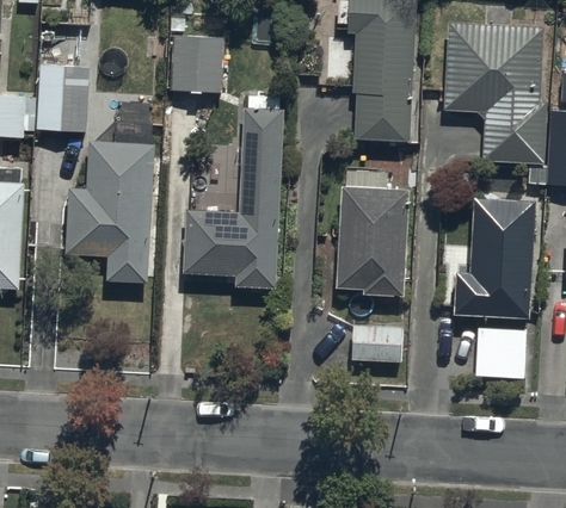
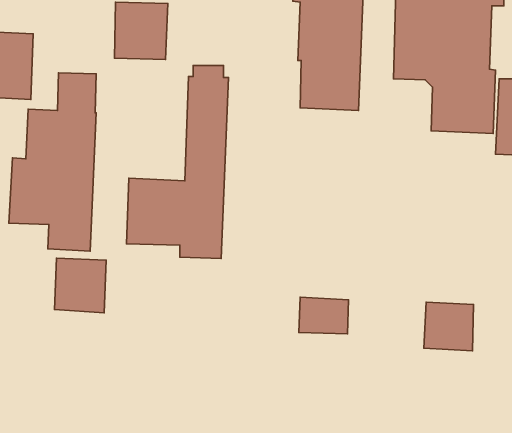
building: [337,174,406,296] -> none
building: [453,200,534,317] -> none
building: none -> [54,258,106,313]

